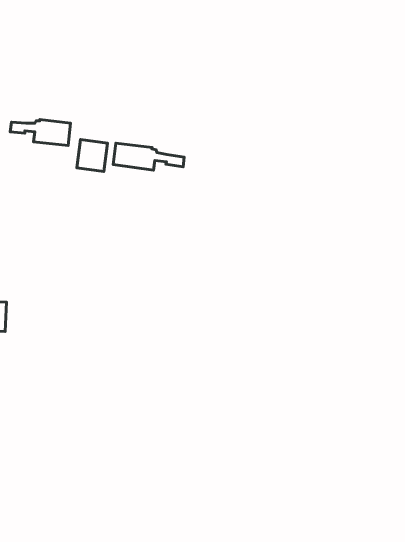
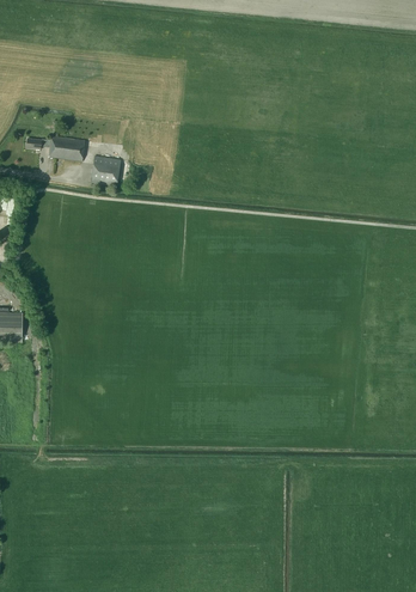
building: [113,143,184,170] -> none

